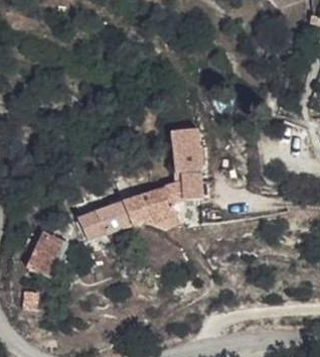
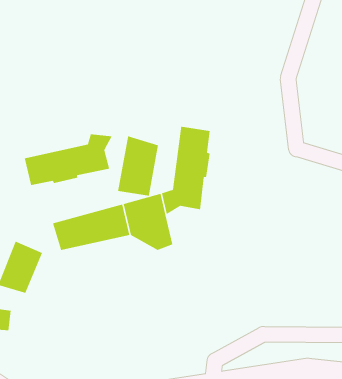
building: none -> [24,133,112,186]
building: none -> [118,136,158,197]

